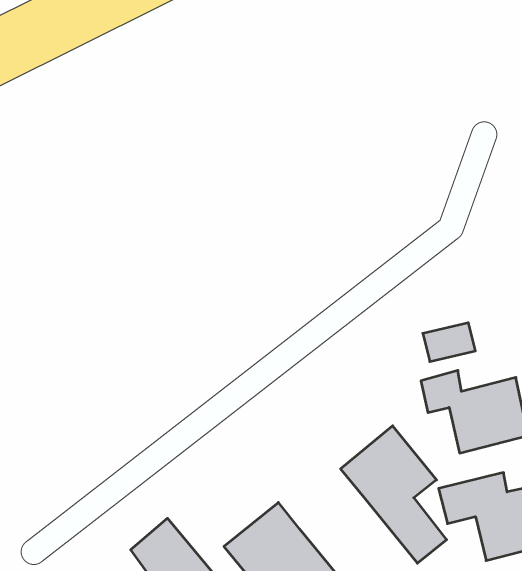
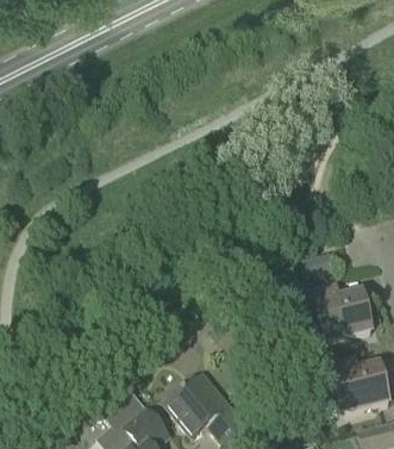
building: [341,426,447,563] -> none

